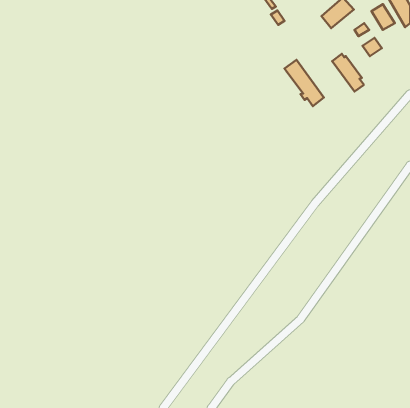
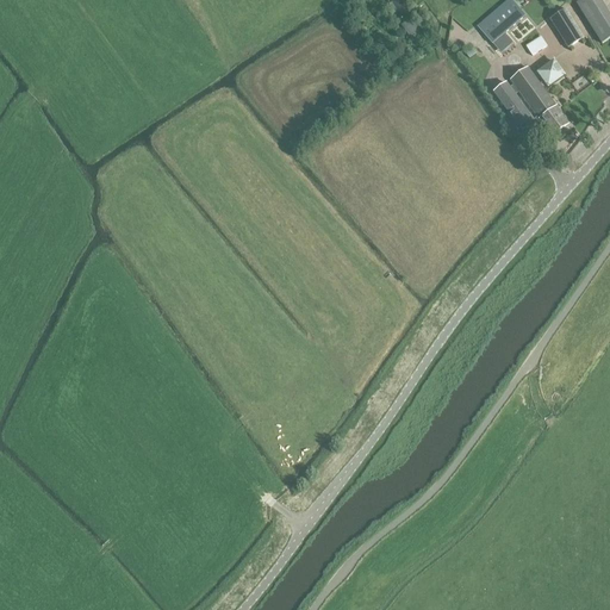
building: [285,60,324,106] -> [509,66,567,135]

